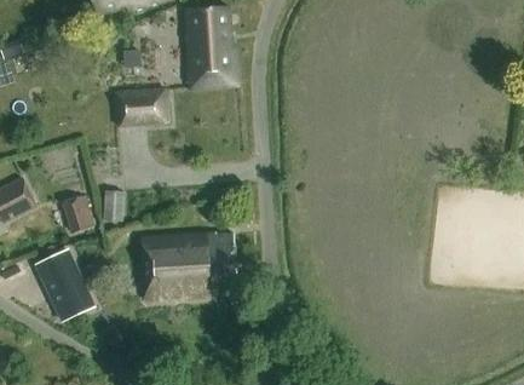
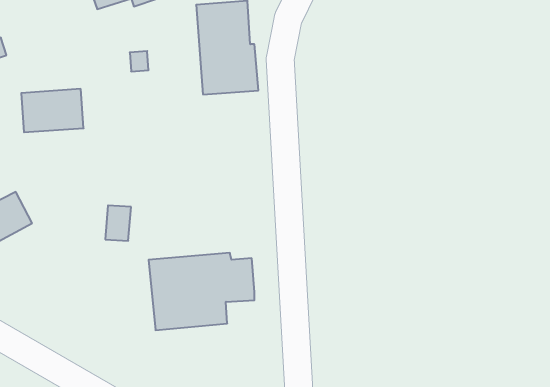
building: [114,88,169,127] -> [21,89,84,132]
building: [62,196,94,234] -> none
building: [39,254,93,322] -> none

